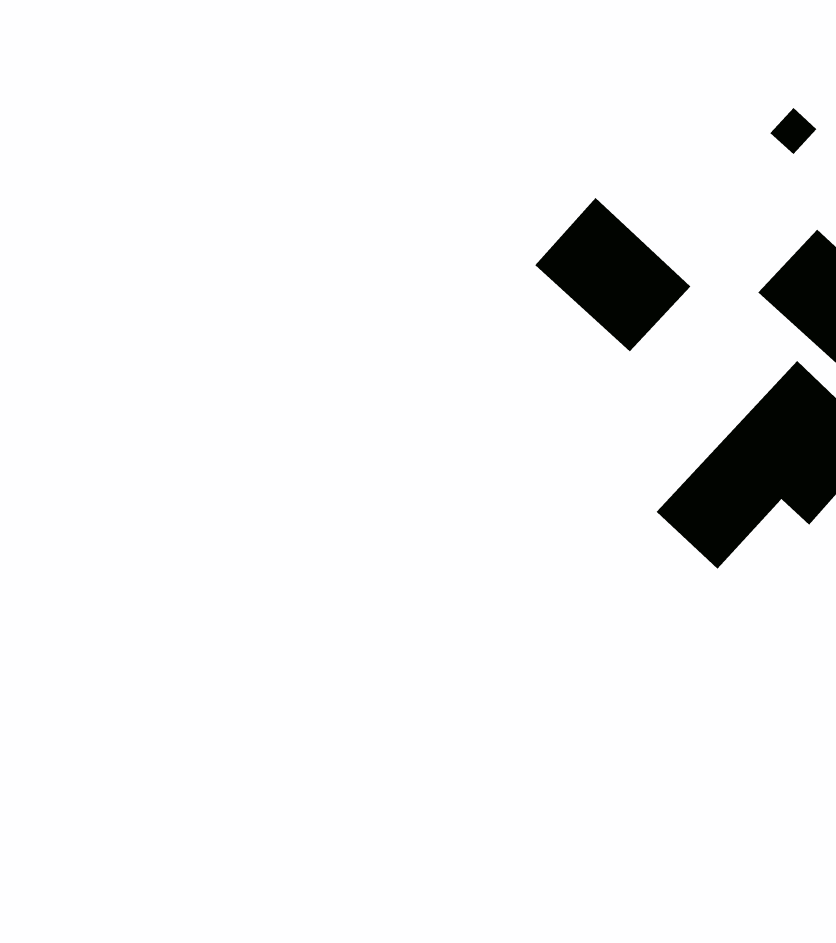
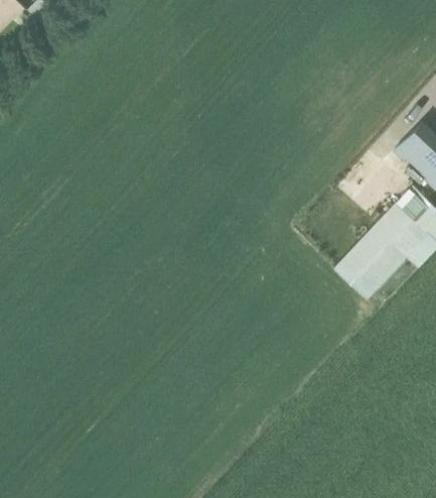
building: [535,197,691,352] -> none

